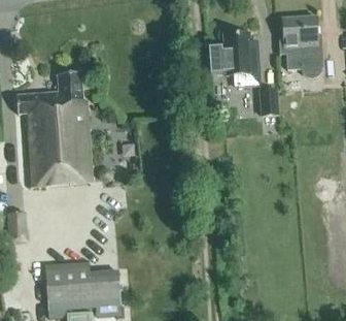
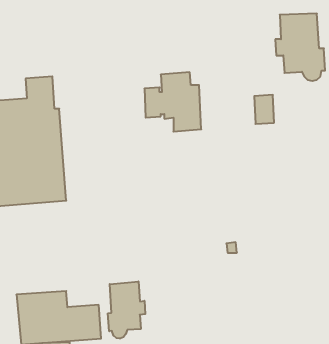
building: [208,31,258,84] -> [144,72,201,132]
building: none -> [108,281,145,339]

